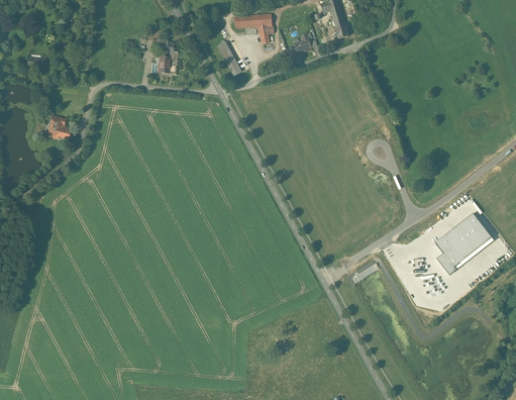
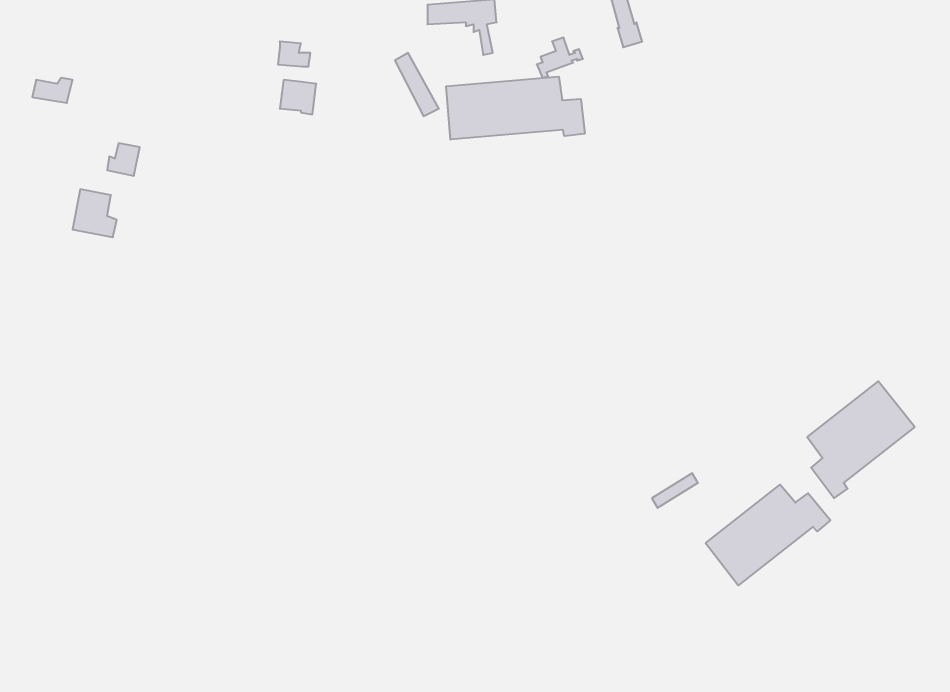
building: none -> [446,77,585,140]
building: none -> [706,485,830,585]

